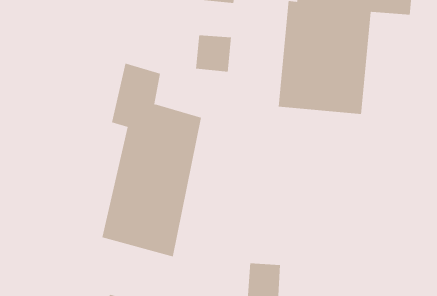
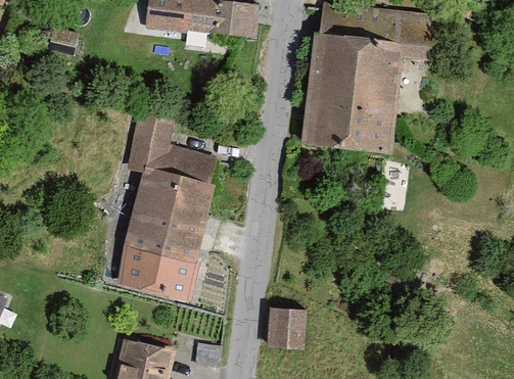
building: [196,34,231,73] -> none

